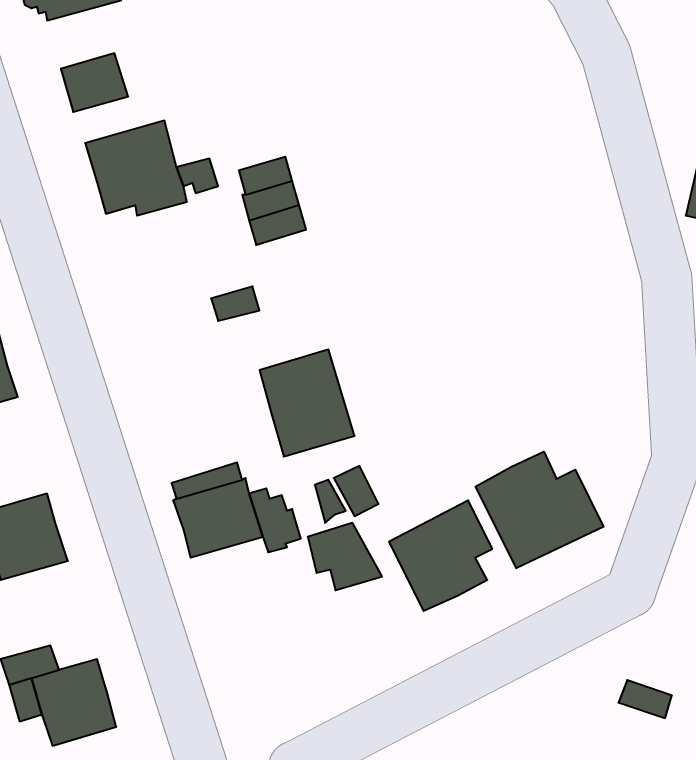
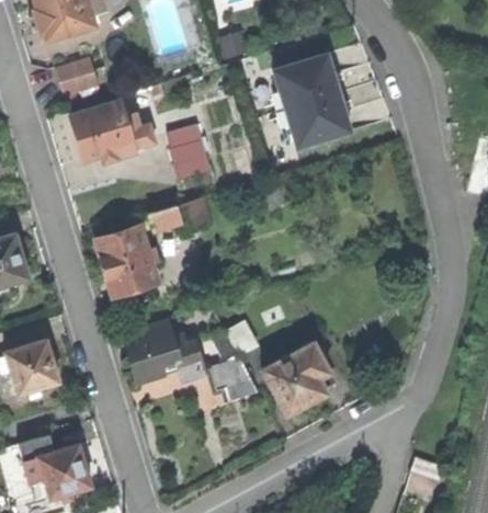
building: none -> [272,53,352,148]
building: [260,350,355,457] -> [98,227,158,295]
building: [476,452,604,568] -> none

